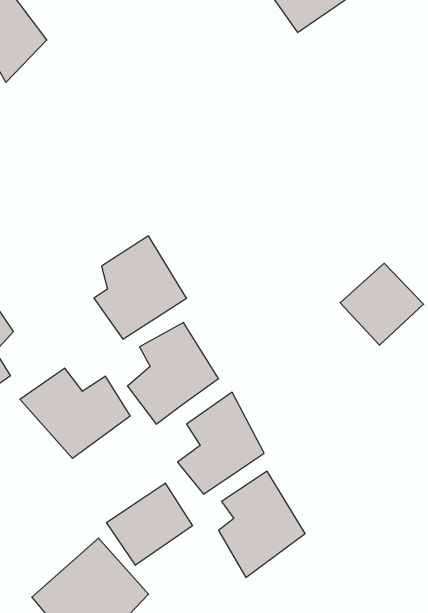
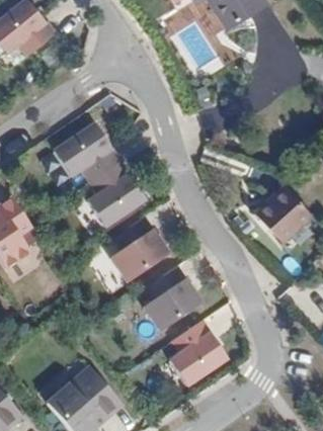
building: none -> [55,120,125,184]
building: [20,368,130,458] -> none
building: [107,483,192,565] -> none

